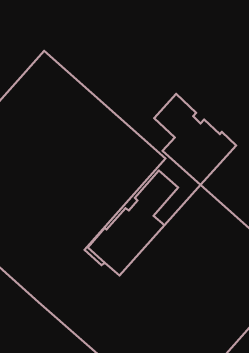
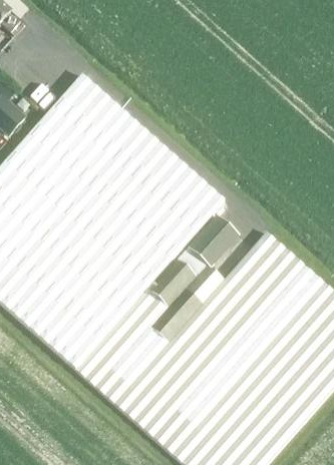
building: [154,94,236,185] -> none

